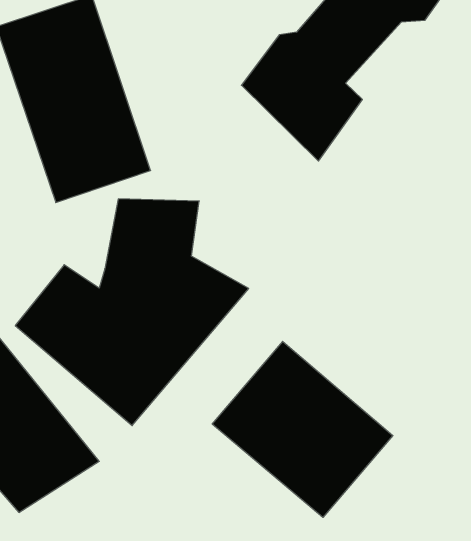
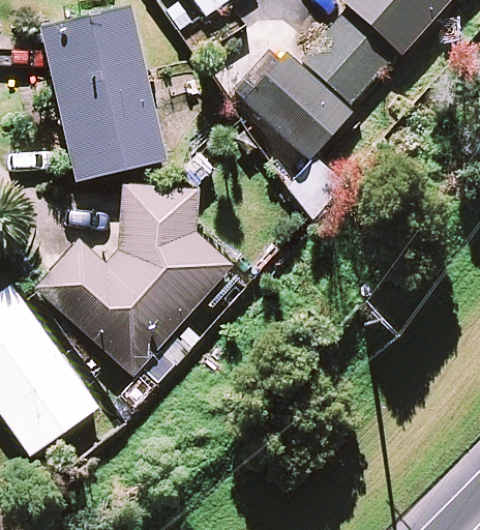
building: [212,341,393,517] -> none

